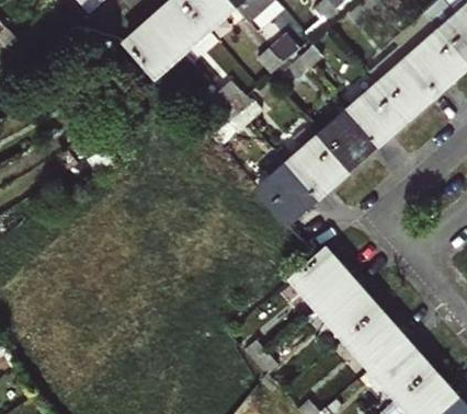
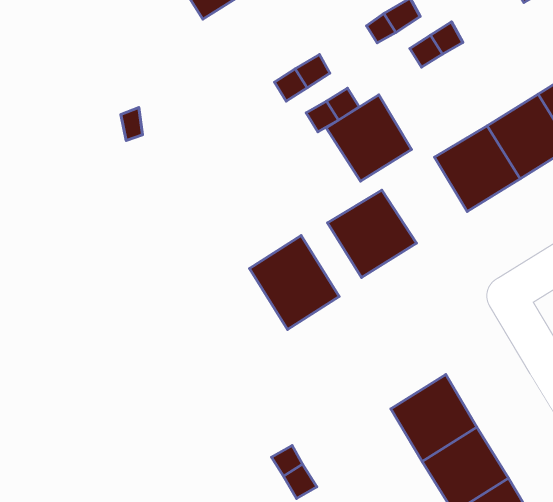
building: [287,137,345,195] -> [326,95,412,181]
building: none -> [249,236,339,329]
building: [293,248,350,306] -> none

